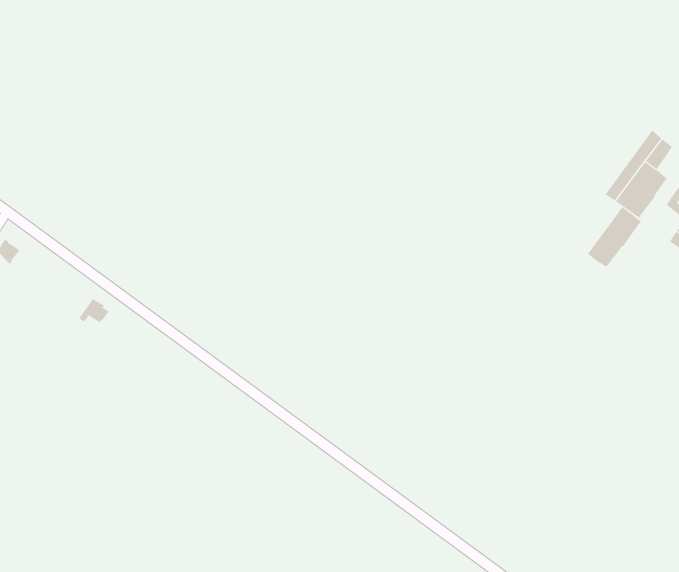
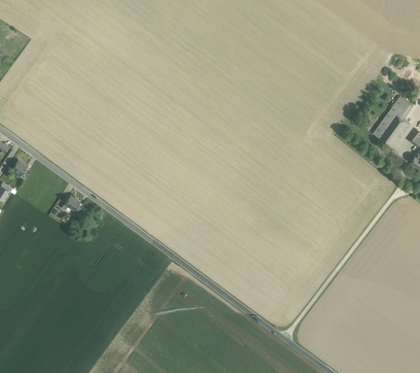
building: [587,206,642,268] -> none

